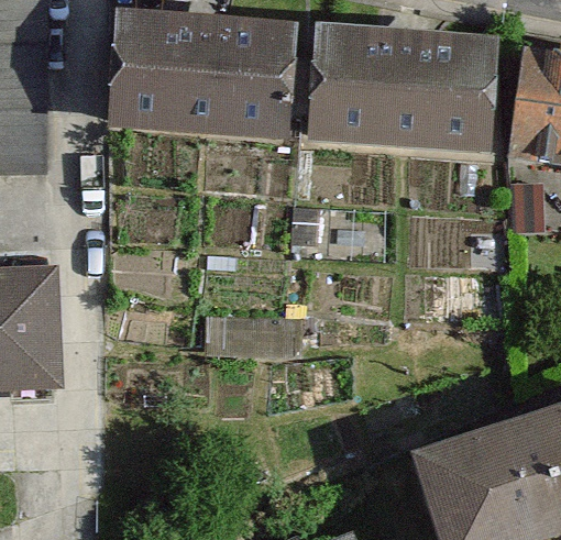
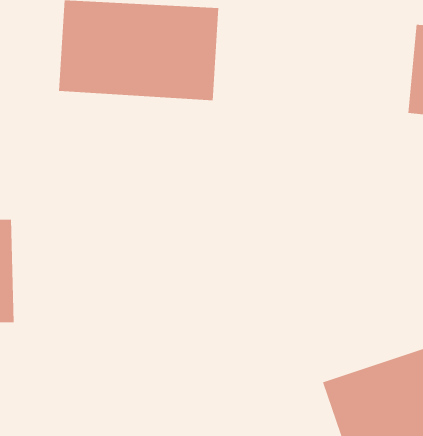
building: [312,29,496,144] -> none

